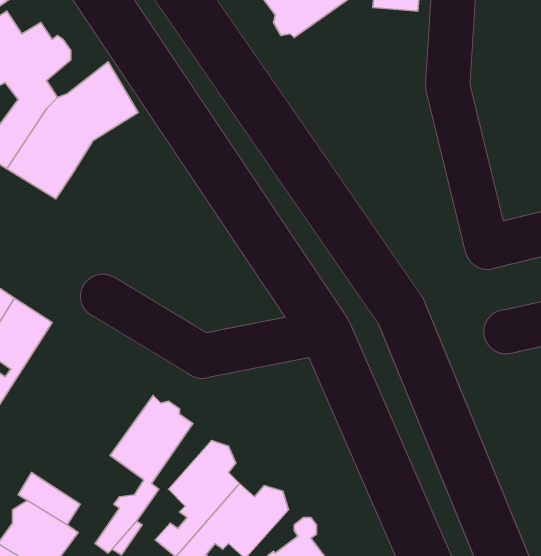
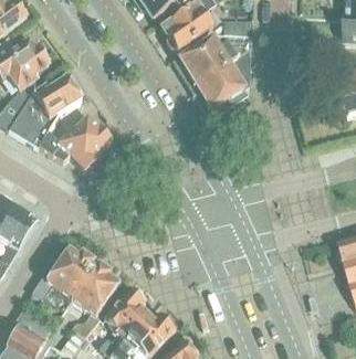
building: none -> [179,36,249,110]
building: none -> [38,116,111,171]
building: none -> [31,246,95,297]

